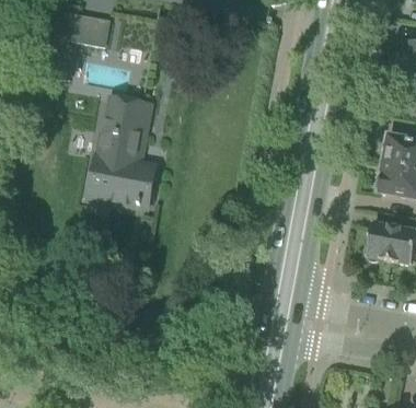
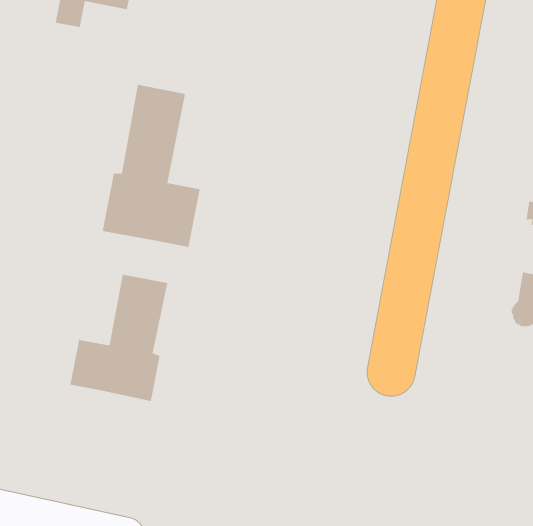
building: none -> [70,274,168,402]

